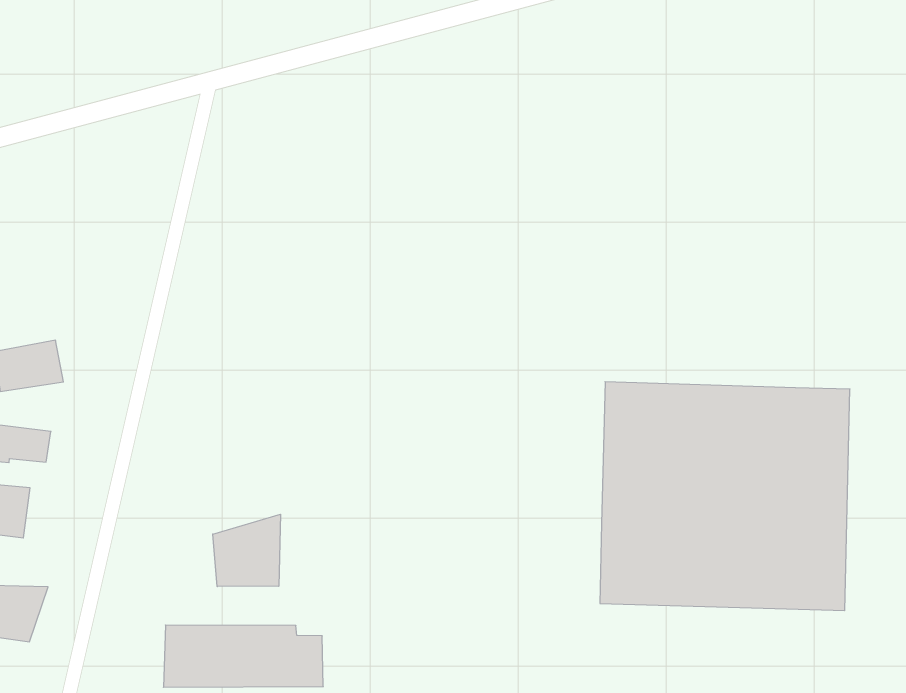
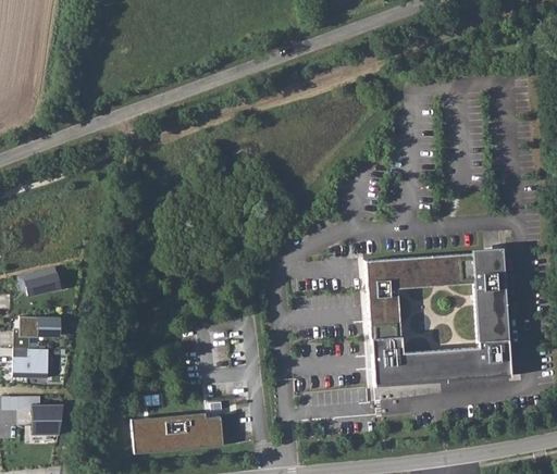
building: [213,514,280,587] -> none

